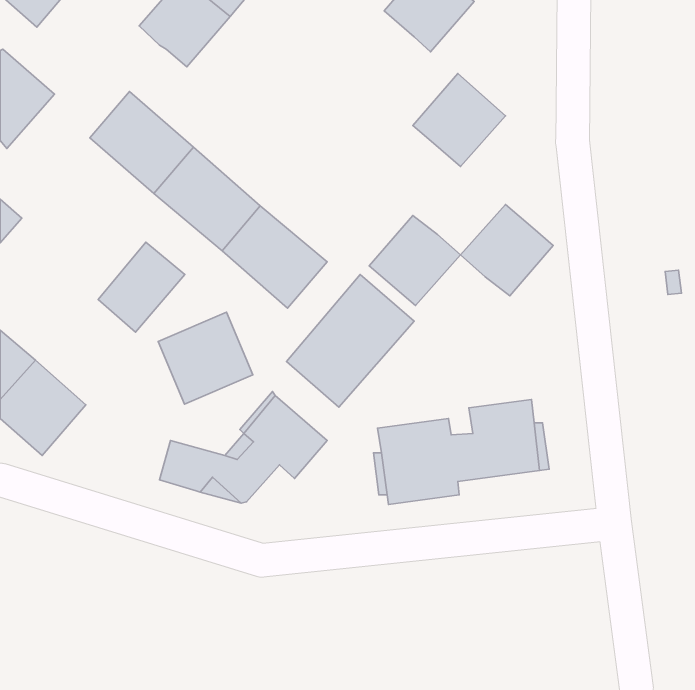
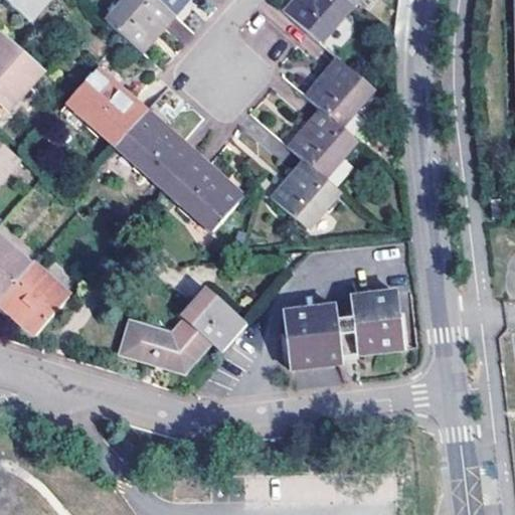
building: [461,205,553,296] -> [288,106,356,173]
building: [98,242,185,332] -> none
building: [287,274,414,407] -> none
building: [158,312,253,404] -> none

